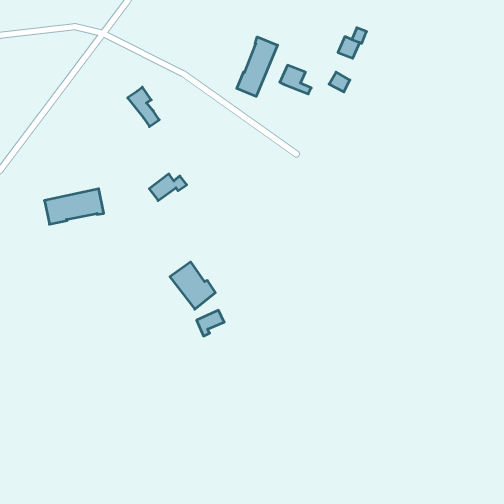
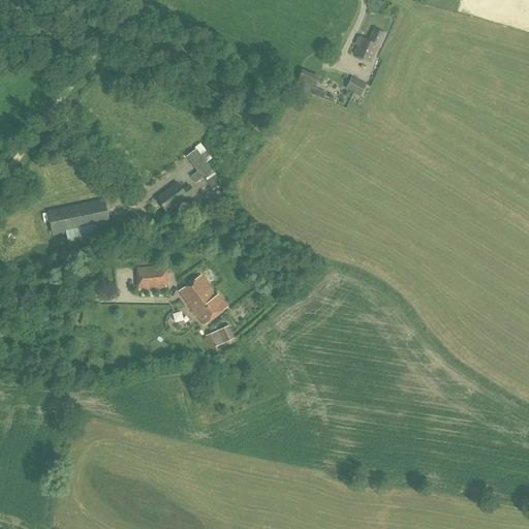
building: [237,37,278,96] -> none
building: [128,87,159,127] -> [185,145,218,186]
building: none -> [135,264,167,290]

